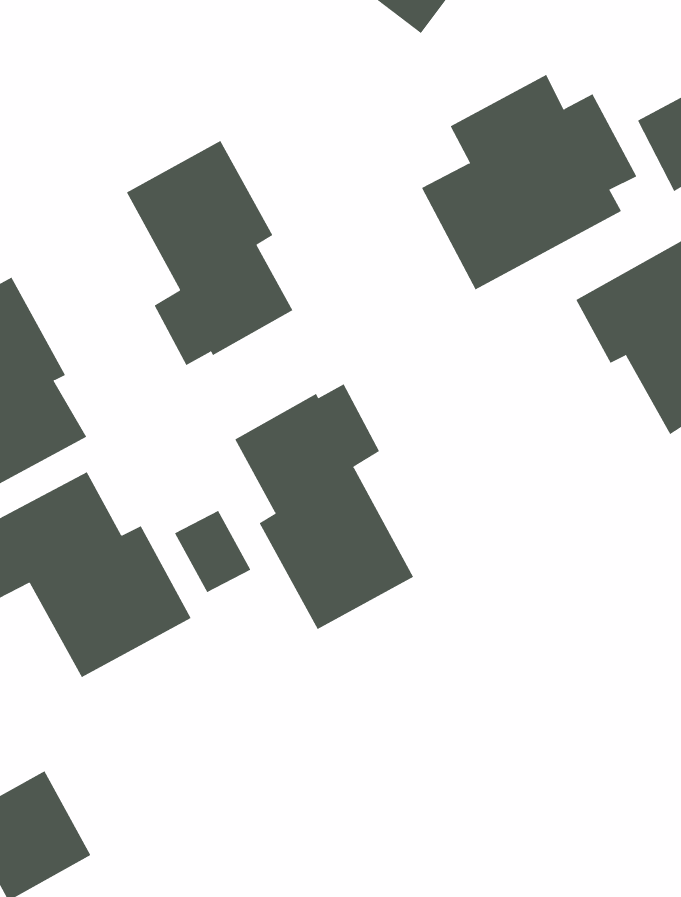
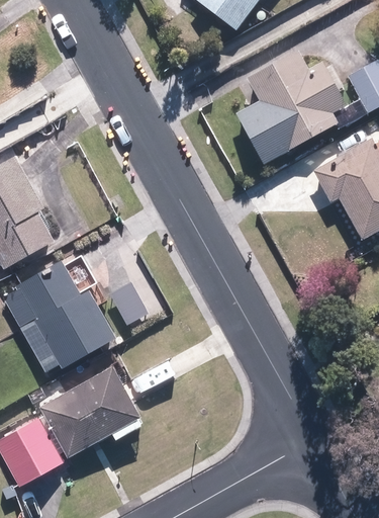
building: [126,140,293,366] -> none
building: [234,383,414,630] -> none
building: none -> [36,364,138,456]

